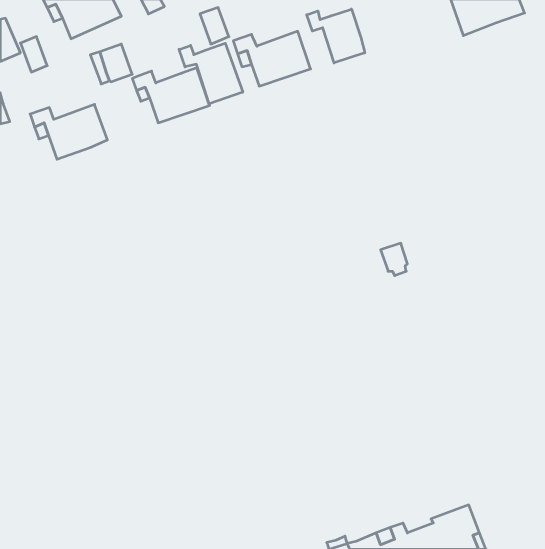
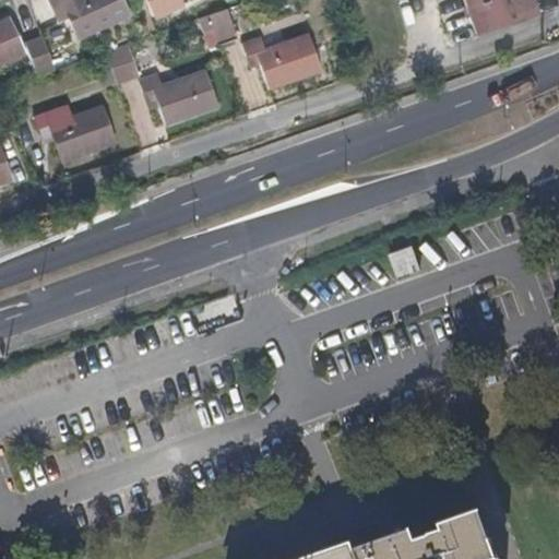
building: [307,9,365,63] -> none
building: [179,43,243,104] -> none

